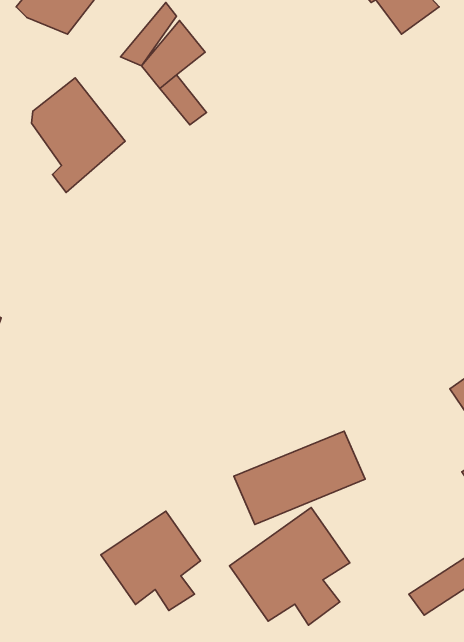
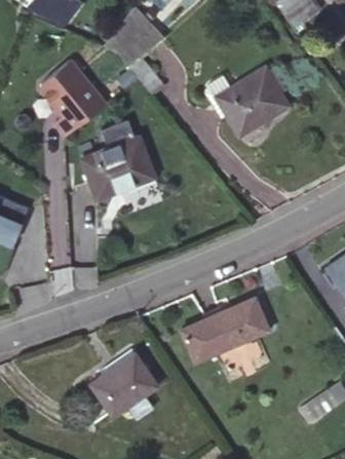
building: none -> [216,66,290,135]
building: none -> [81,118,155,198]
building: [230,507,350,625] -> none

